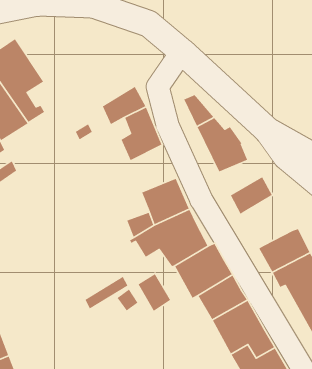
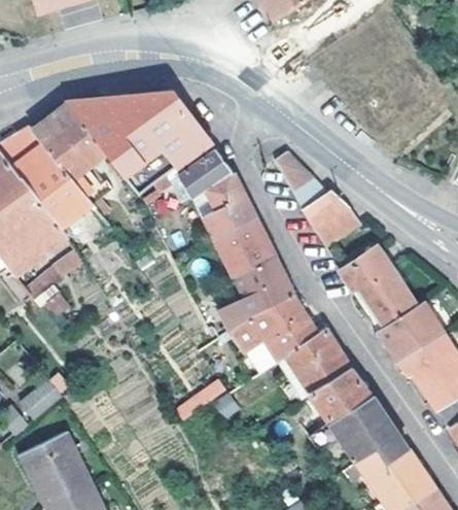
building: none -> [66,90,209,193]
building: none -> [216,216,273,277]
building: none -> [358,266,417,327]
building: [138,273,171,312] -> none

